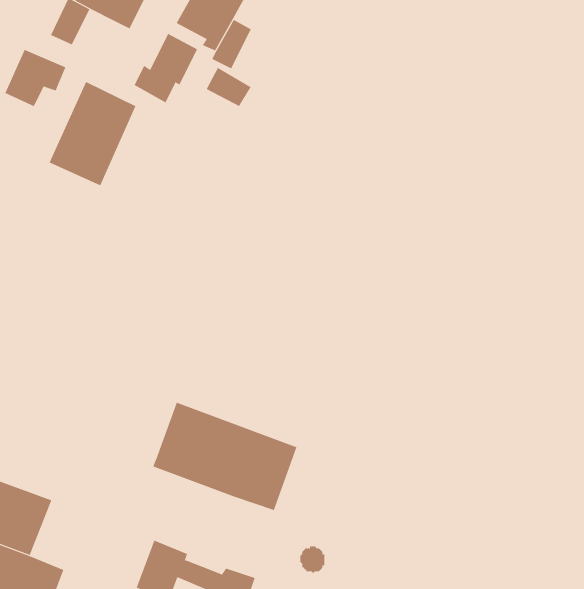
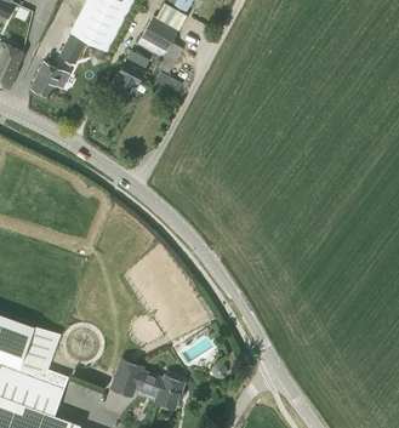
building: [49,81,136,186] -> none
building: [152,402,297,511] -> none

